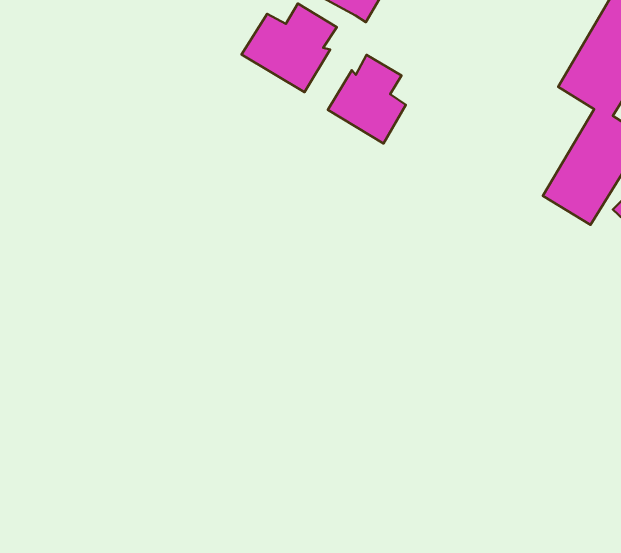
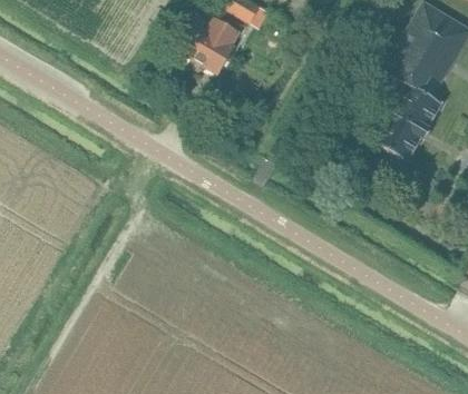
building: [328,55,406,144] -> none

